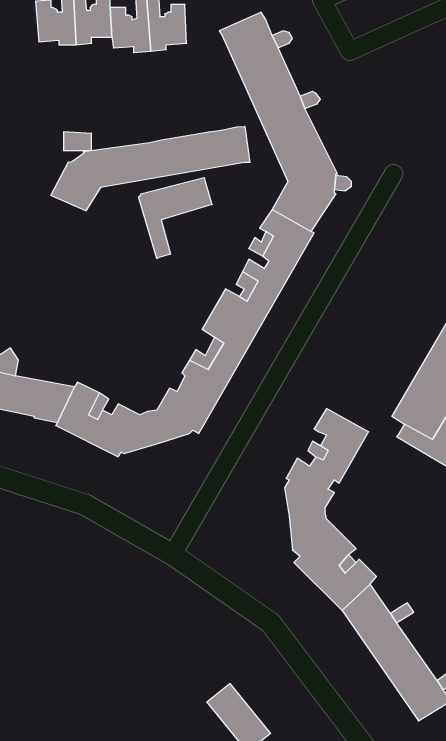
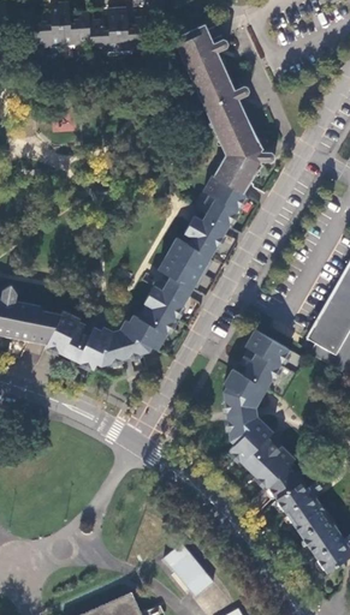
building: [51,126,250,211] -> none
building: [139,178,212,259] -> none

